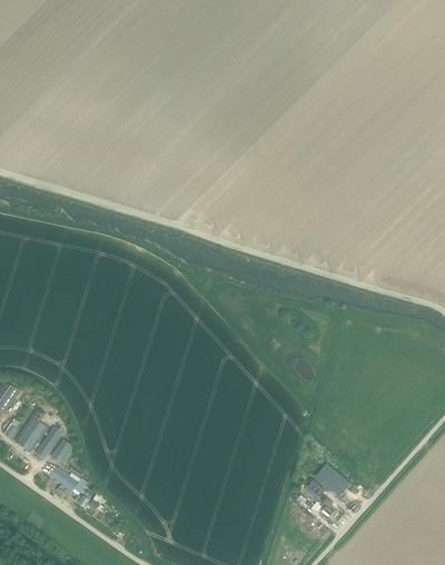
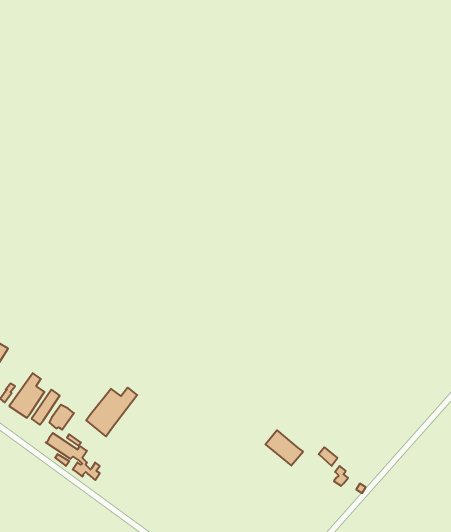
building: none -> [86,388,137,436]
building: [314,464,349,497] -> [265,430,303,466]

